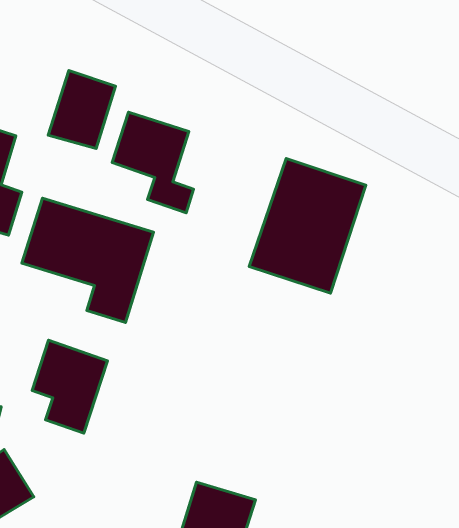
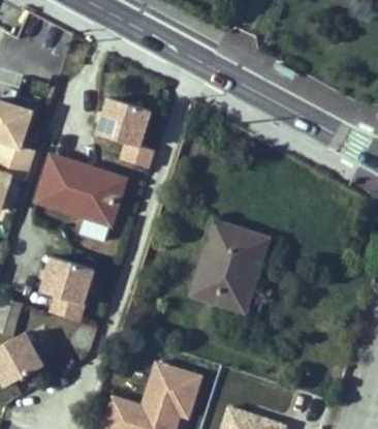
building: [48,70,116,149] -> none
building: [249,159,366,293] -> [190,222,272,316]

